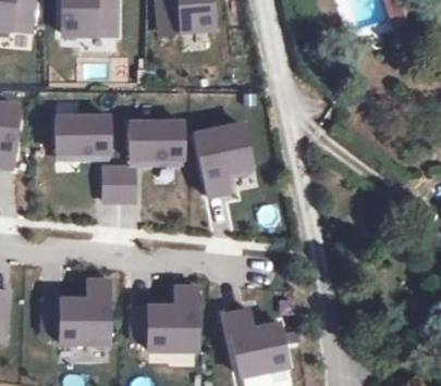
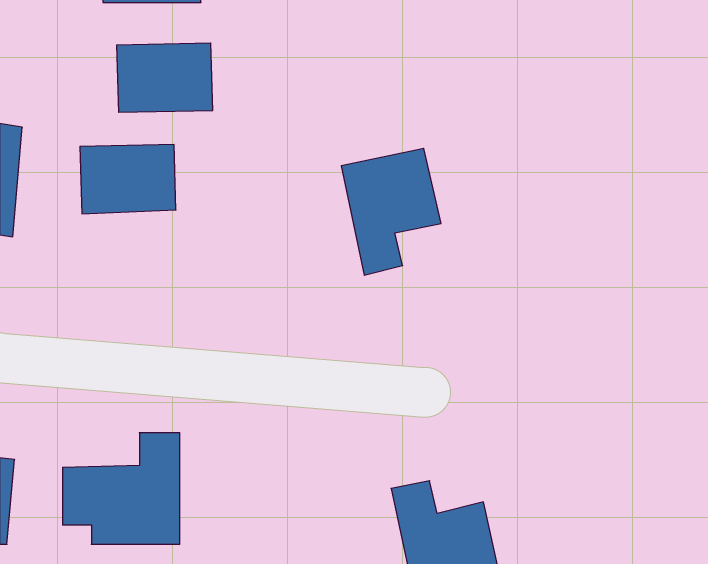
building: [122,120,176,159] -> [117,43,213,112]
building: [103,174,137,209] -> none
building: [136,286,203,349] -> none

